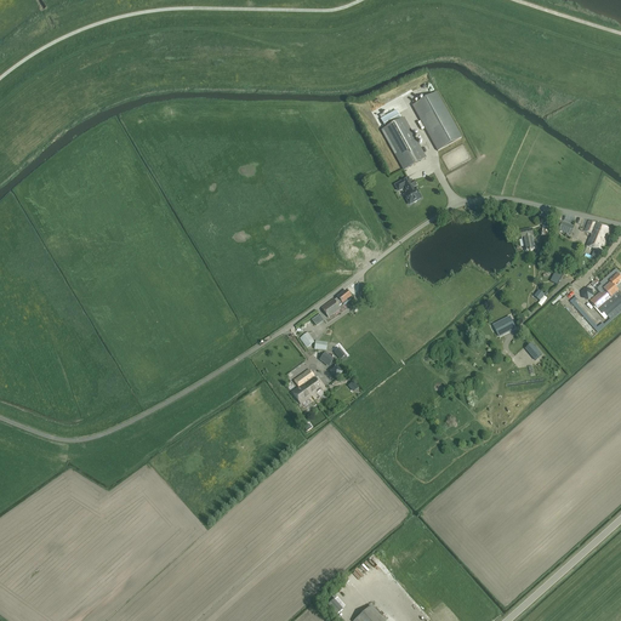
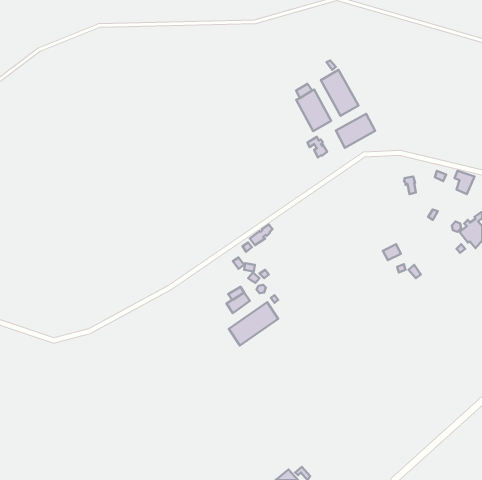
building: none -> [336,114,375,148]
building: none -> [229,302,278,345]

